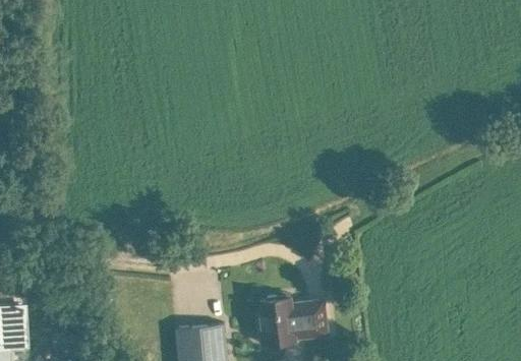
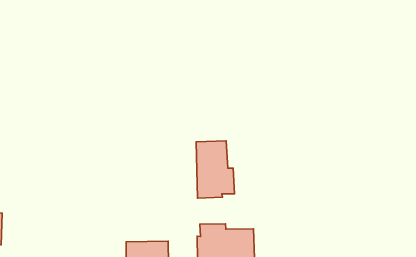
building: none -> [196,141,234,198]

